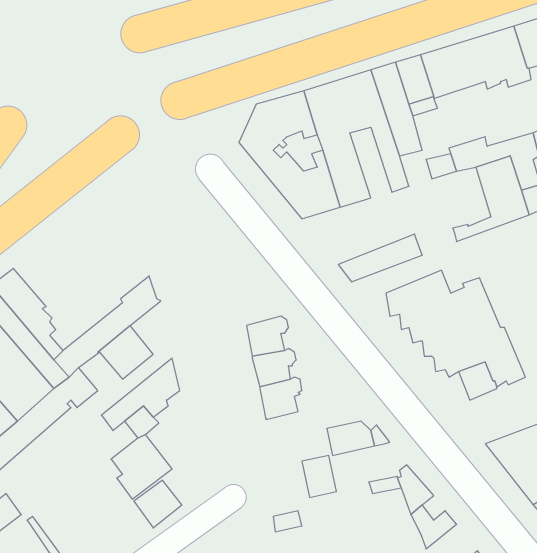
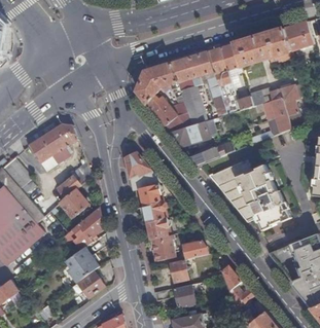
building: none -> [169,120,208,142]
building: none -> [28,123,78,170]
building: none -> [123,151,159,189]
building: none -> [150,233,174,260]
building: none -> [173,281,201,305]

